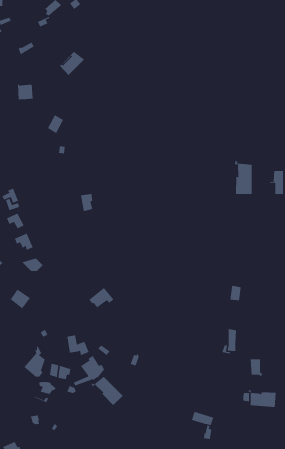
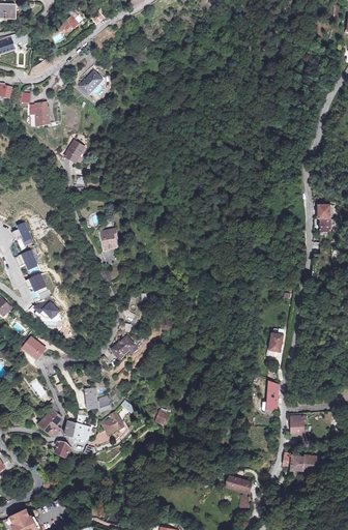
building: [234,161,252,195] -> none
building: [91,376,123,406] -> none

